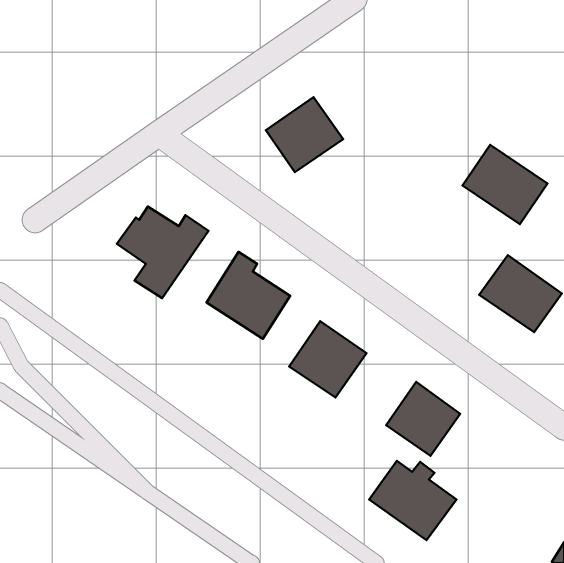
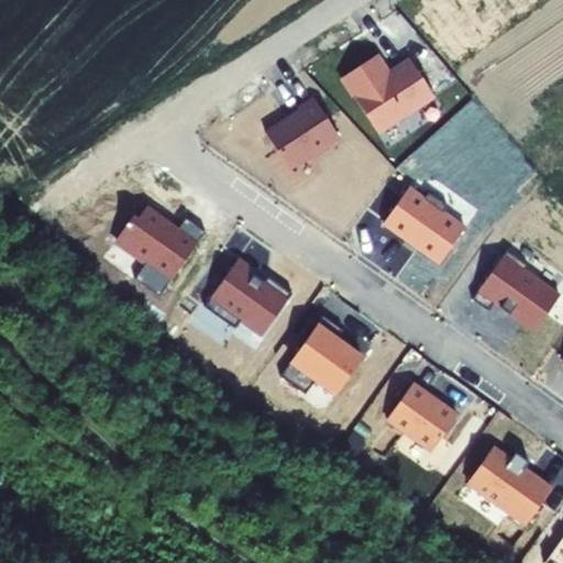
building: none -> [341,53,435,134]
building: [462,145,547,224] -> [380,185,465,264]
building: [369,461,456,540] -> [466,448,553,527]

